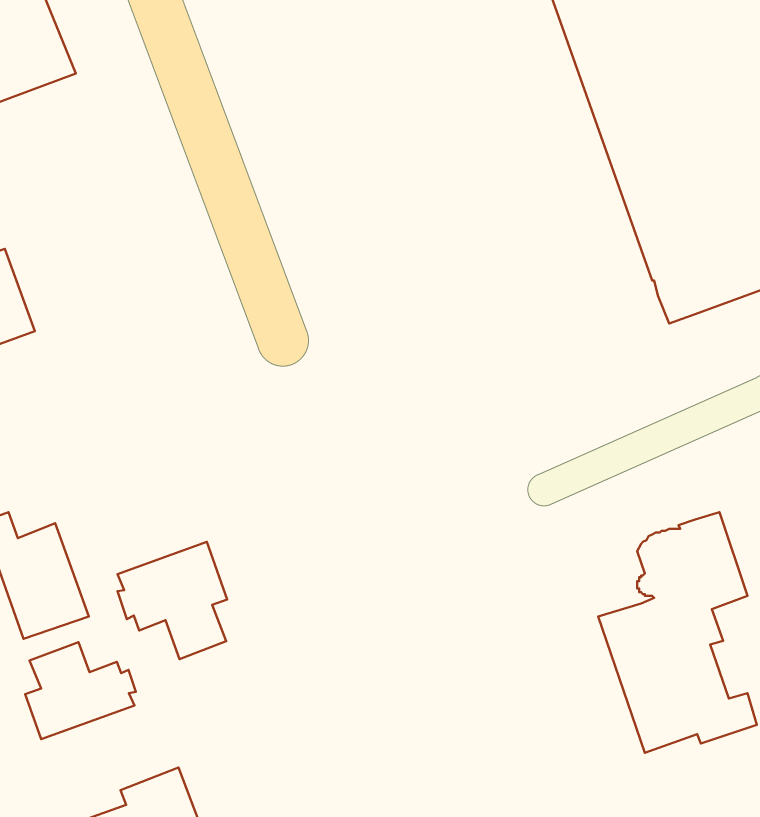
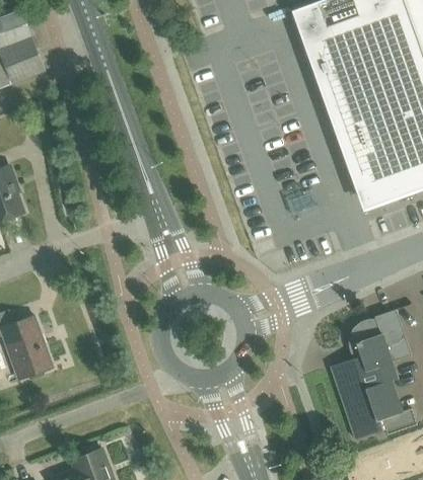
building: [117,542,227,659] -> none
building: [25,642,136,739] -> none

